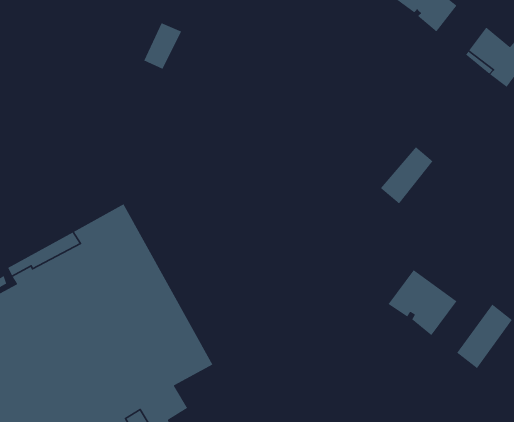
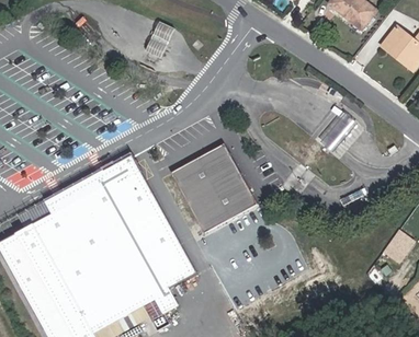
building: none -> [170,142,257,231]
building: [388,269,457,336] -> none

